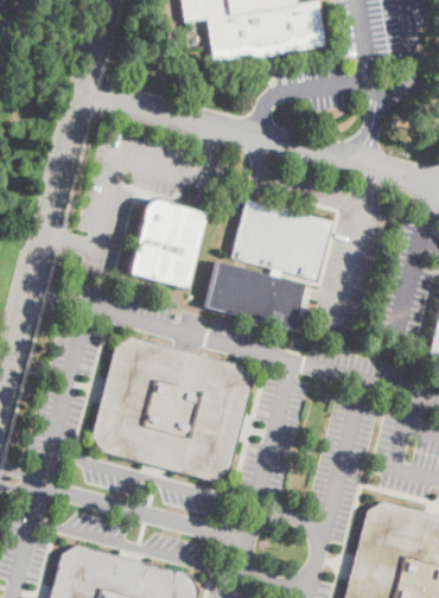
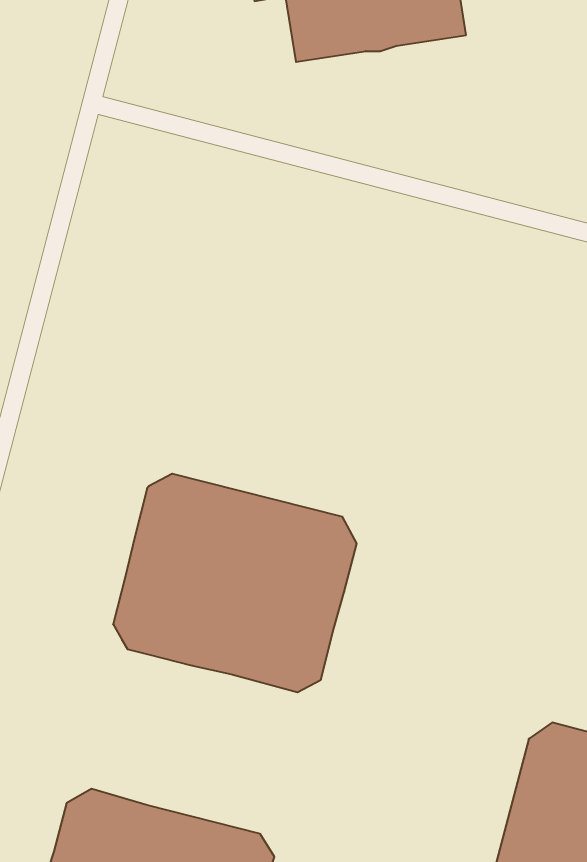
building: [233,196,333,279] -> none
building: [128,198,206,288] -> none
building: [206,261,304,329] -> none

